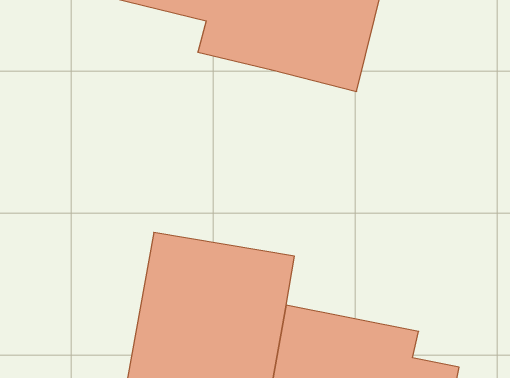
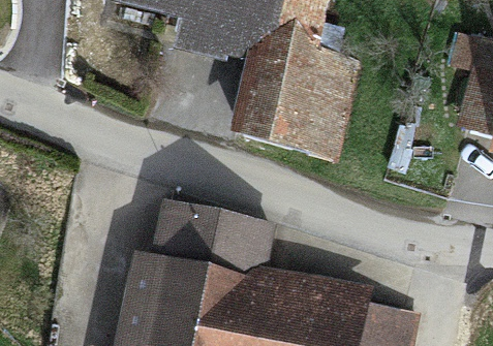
building: none -> [229,62,345,159]

